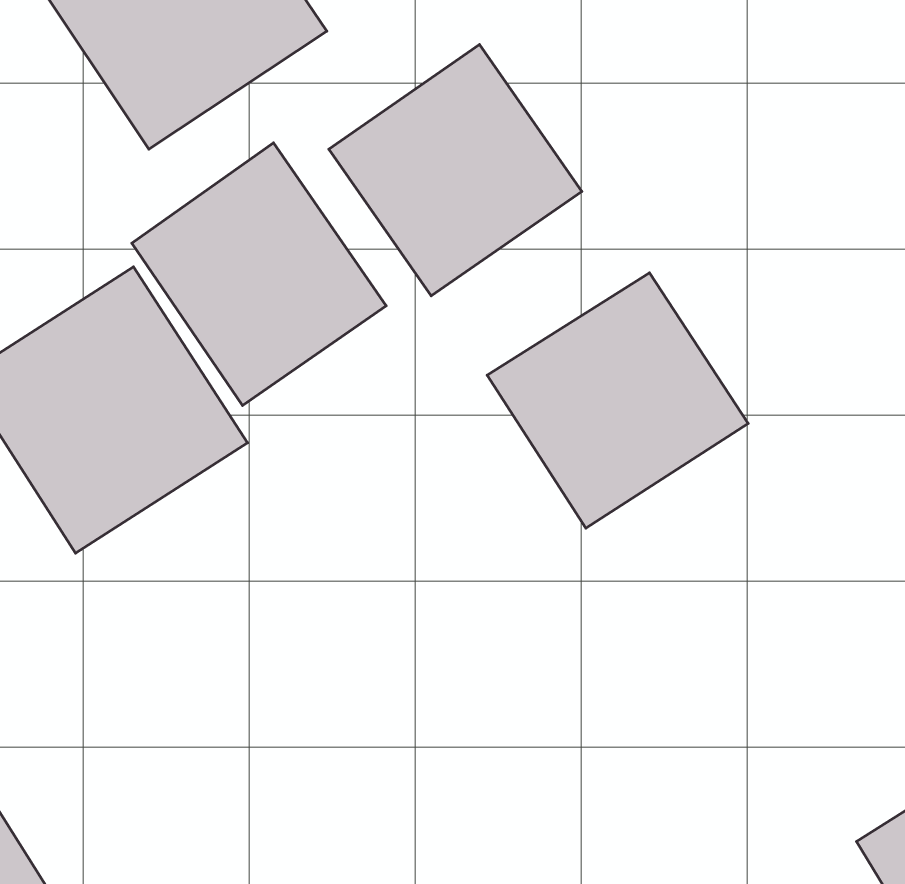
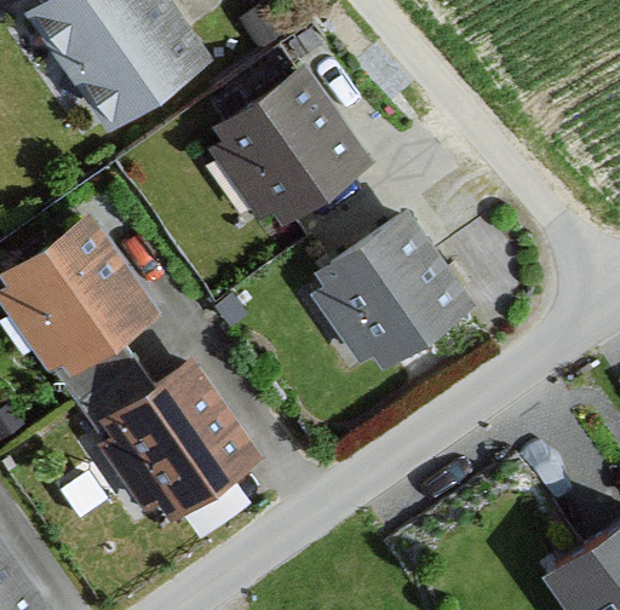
building: [132,143,386,405] -> none
building: none -> [88,353,265,528]

